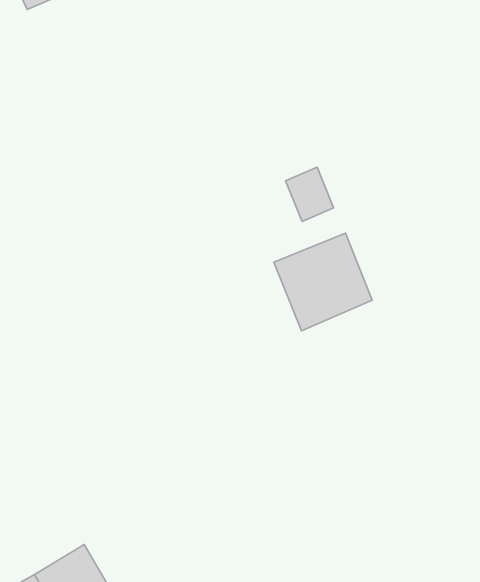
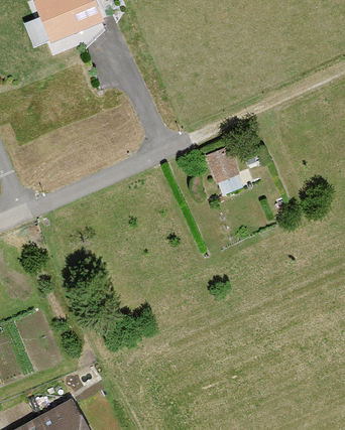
building: [274,233,372,331] -> none

